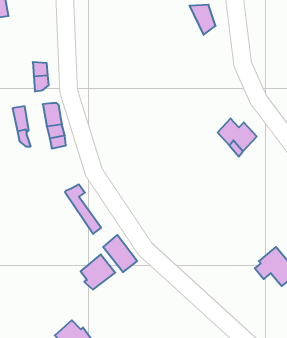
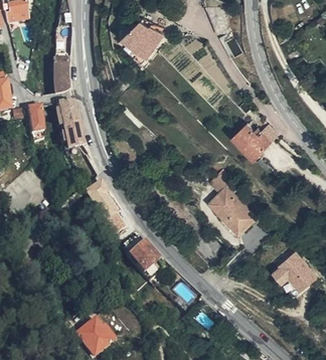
building: none -> [126,17,168,65]
building: none -> [208,184,258,232]
building: [81,254,115,290] -> none

